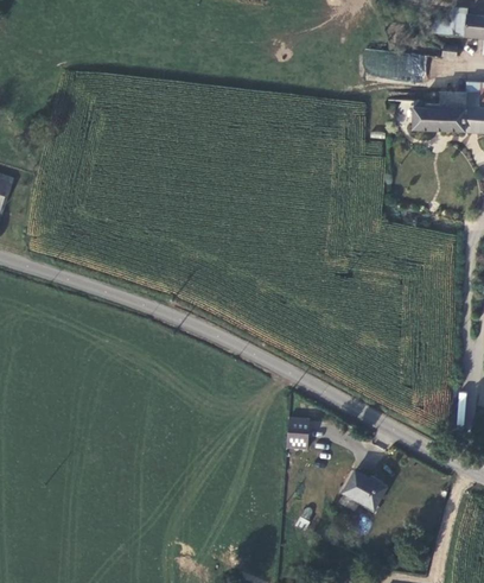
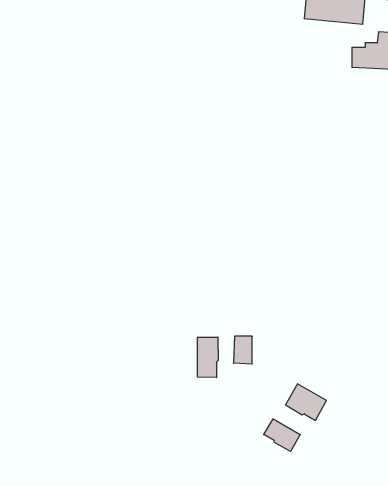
building: none -> [197,337,218,378]
building: none -> [264,419,300,451]

